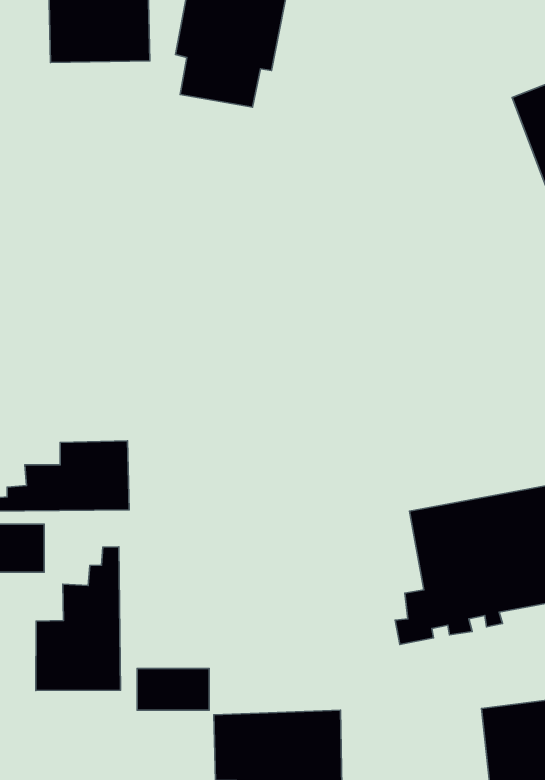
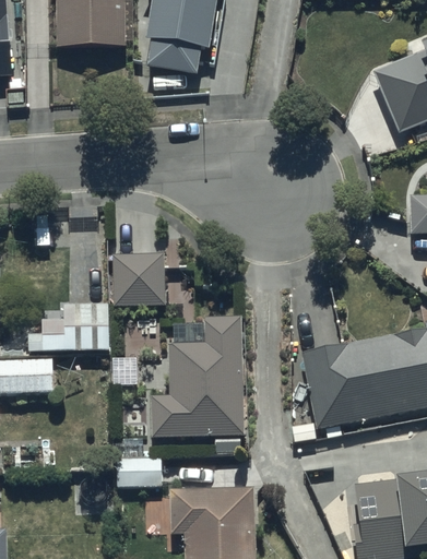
building: none -> [111,253,165,307]
building: none -> [151,316,241,453]
building: [36,547,120,690] -> none

